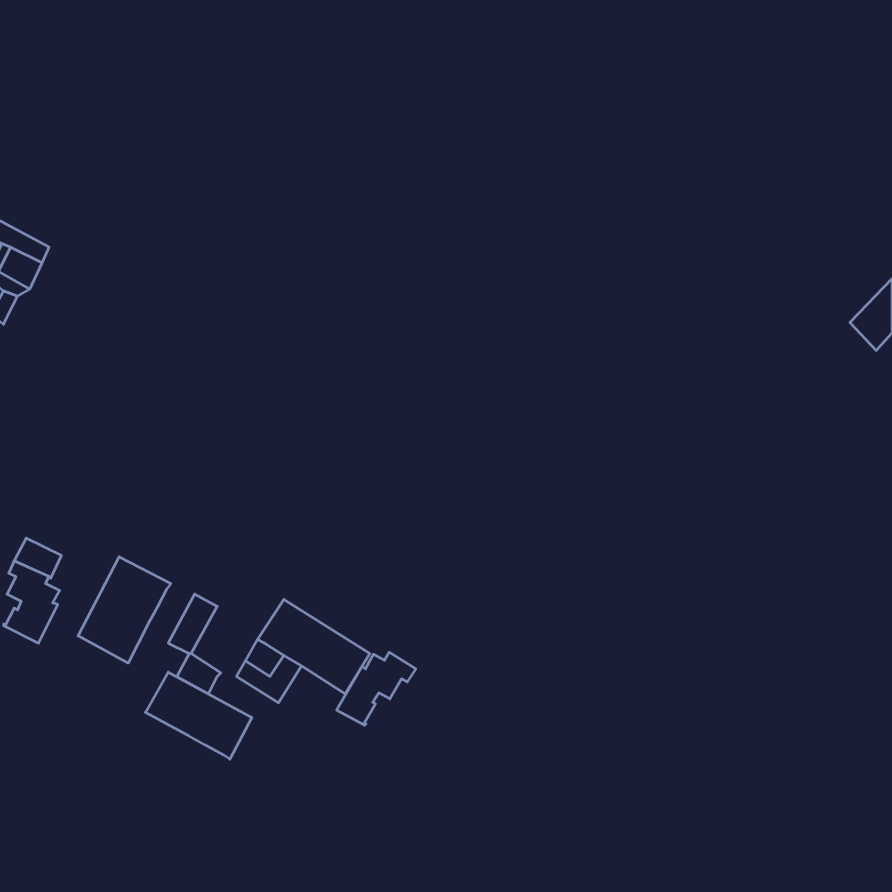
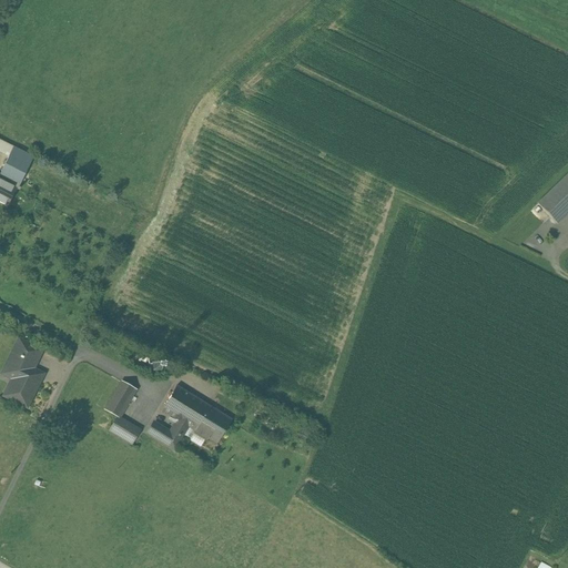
building: [78,557,171,663] -> none
building: [337,652,416,725] -> none
building: [145,672,252,759] -> none

